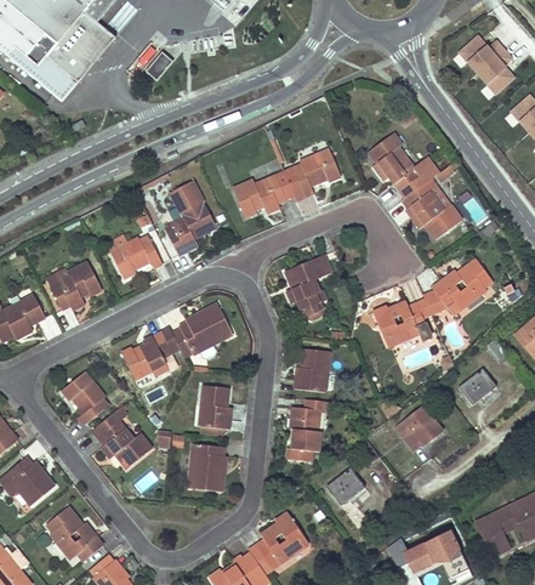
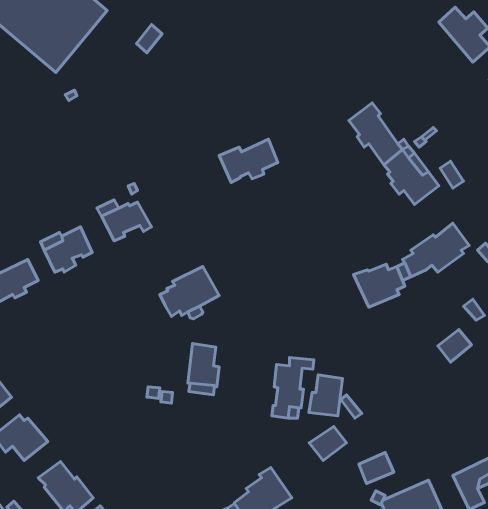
building: [284,148,341,200] -> none
building: [169,181,216,254] -> none
building: [285,255,330,309] -> none
building: [121,329,177,380] -> none
building: [294,348,329,391] -> [309,375,343,416]
building: [63,371,108,424] -> none
building: [398,407,442,448] -> none
building: [93,414,152,467] -> none
building: [189,442,227,490] -> none
building: none -> [359,453,394,484]

